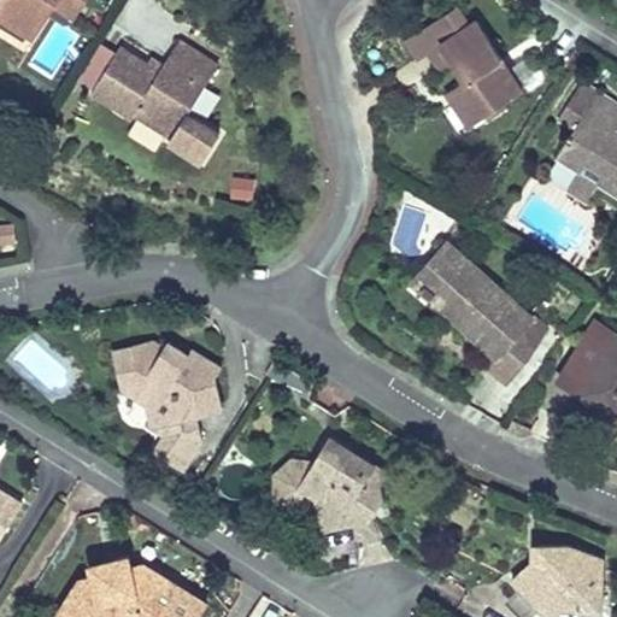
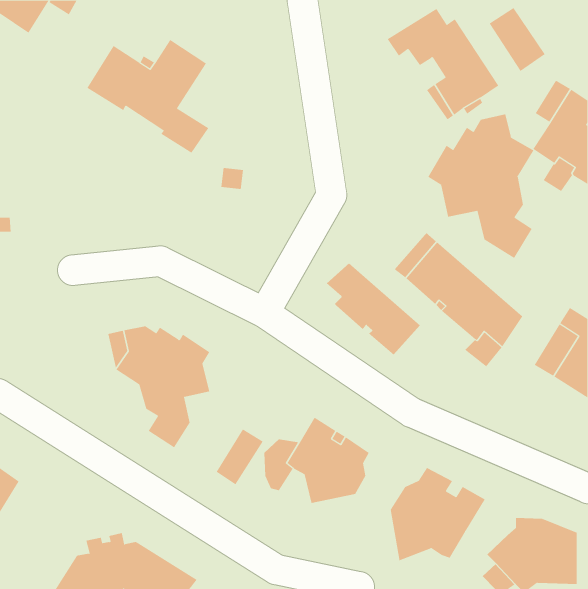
building: none -> [489,7,545,72]
building: none -> [428,113,534,259]
building: none -> [326,263,421,355]
building: none -> [216,429,264,485]
building: none -> [390,467,485,561]

